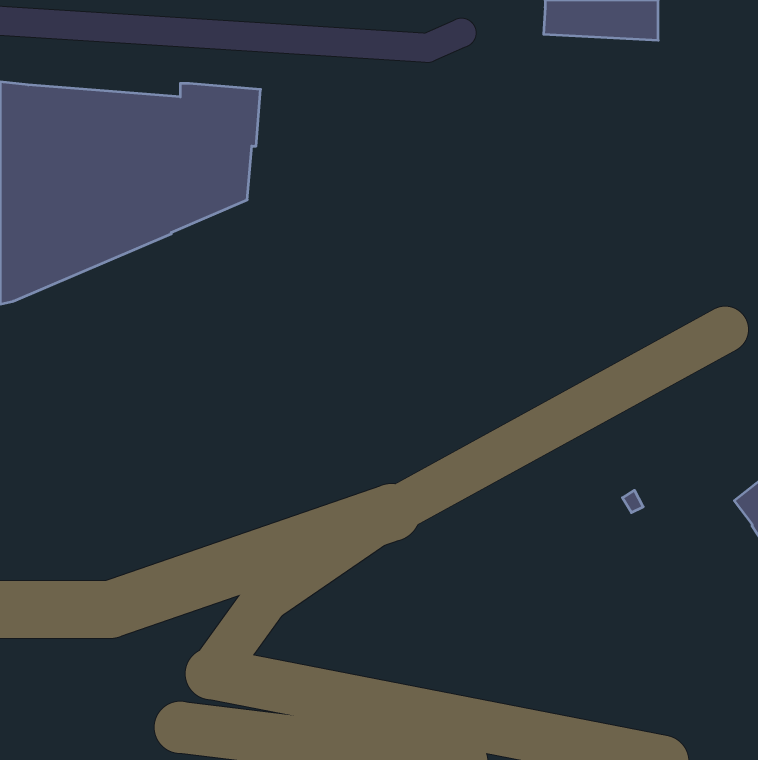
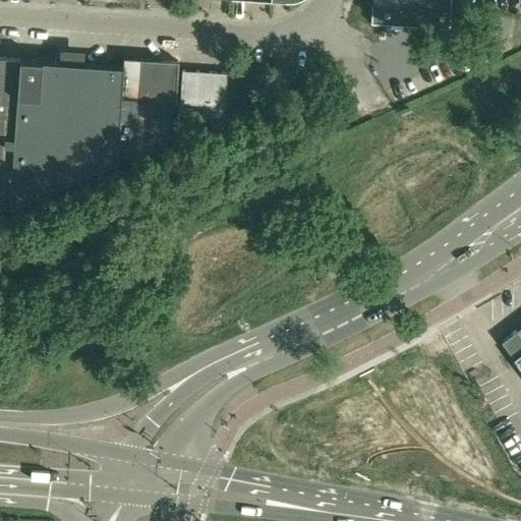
building: none -> [181,70,229,118]

